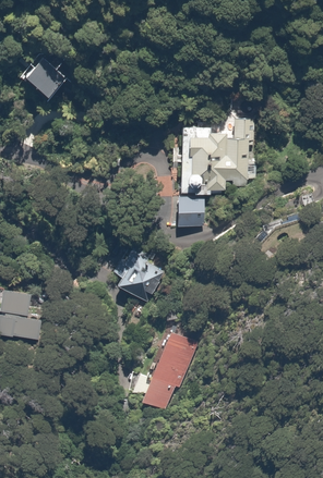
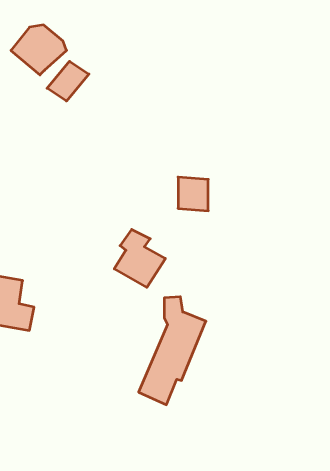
building: none -> [47,61,89,101]
building: [180,118,255,195] -> none

